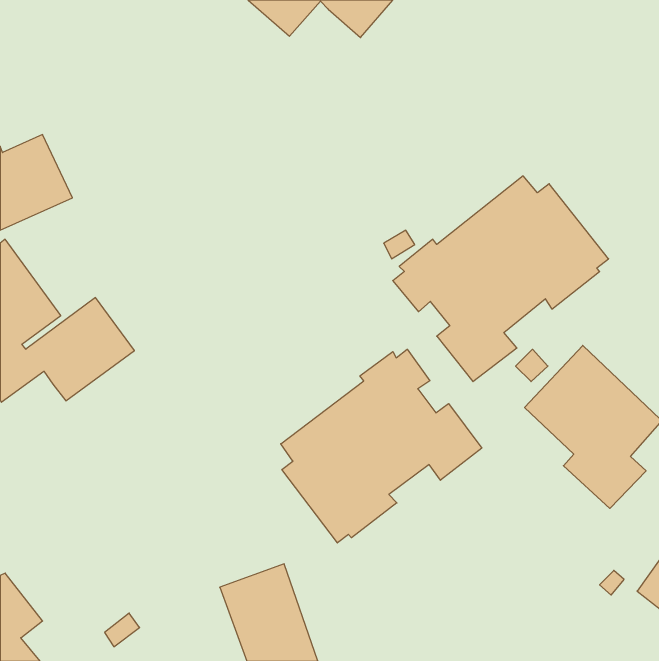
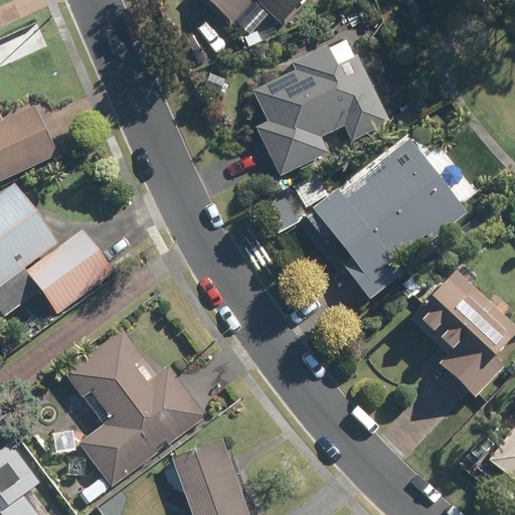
building: none -> [248,50,385,177]
building: [281,349,482,543] -> none
building: none -> [65,330,206,487]

